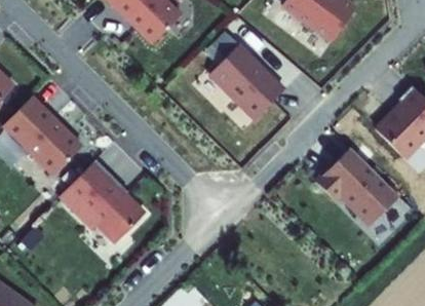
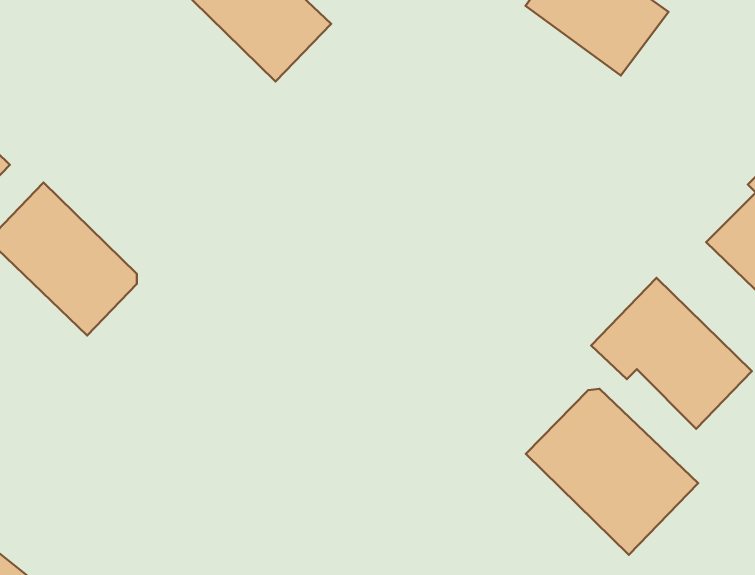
building: [208,45,283,119] -> none
building: [61,159,145,242] -> none
building: none -> [526,389,698,555]

